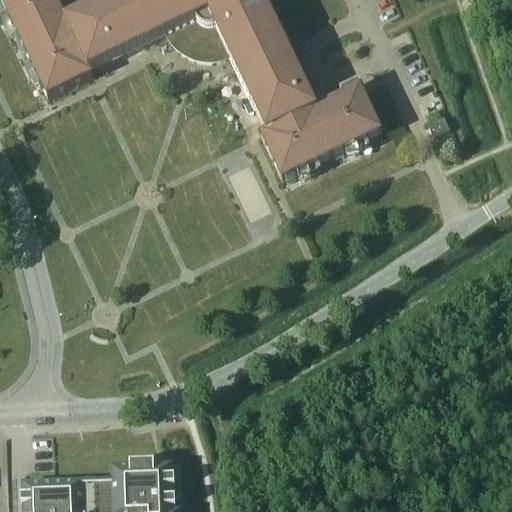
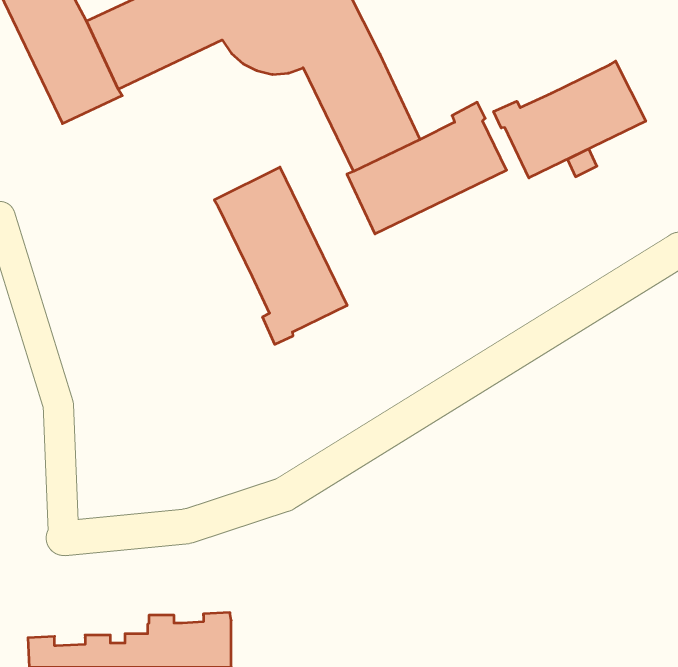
building: none -> [494,61,646,178]
building: none -> [214,167,347,344]

